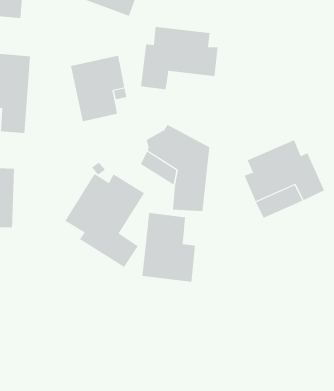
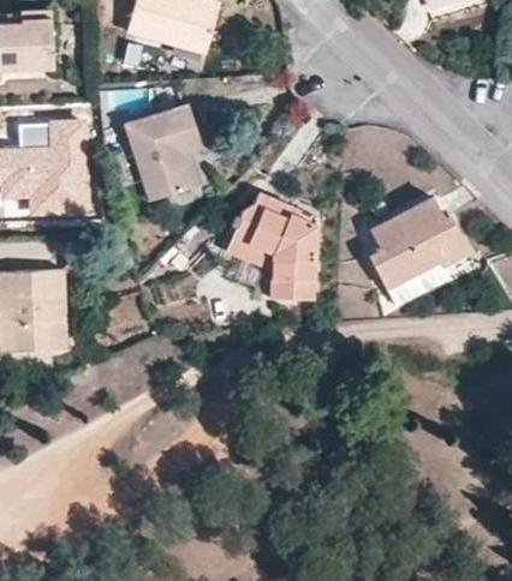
building: [141,26,218,90] -> none
building: [65,173,145,268] -> none
building: [142,212,196,282] -> none

